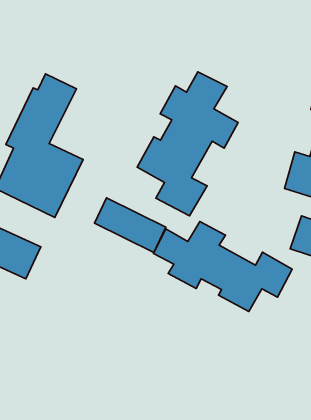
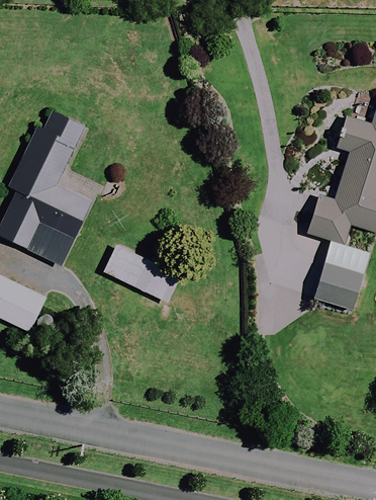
building: [137,72,238,216] -> none
building: [153,221,292,311] -> none

